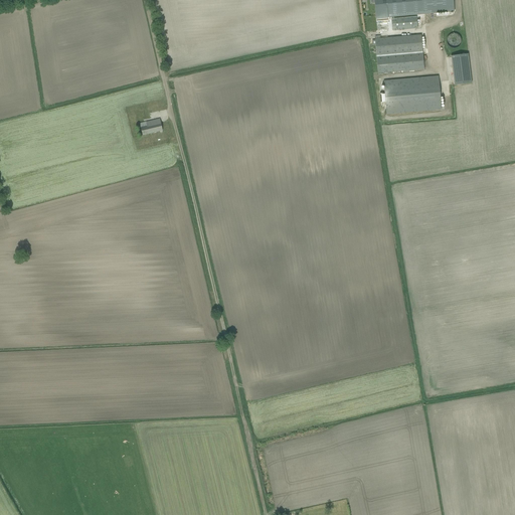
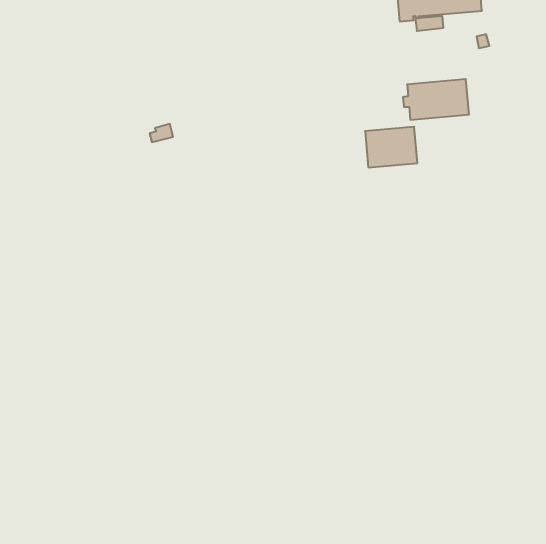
building: [375,33,424,71] -> [365,127,417,167]
building: [451,52,472,83] -> none

